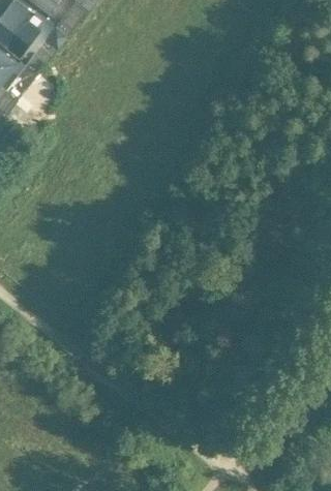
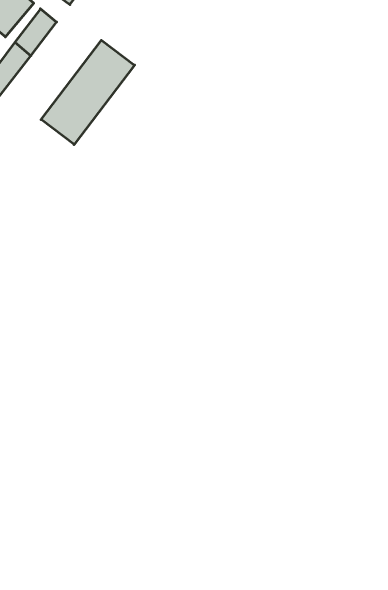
building: none -> [41,40,135,145]

